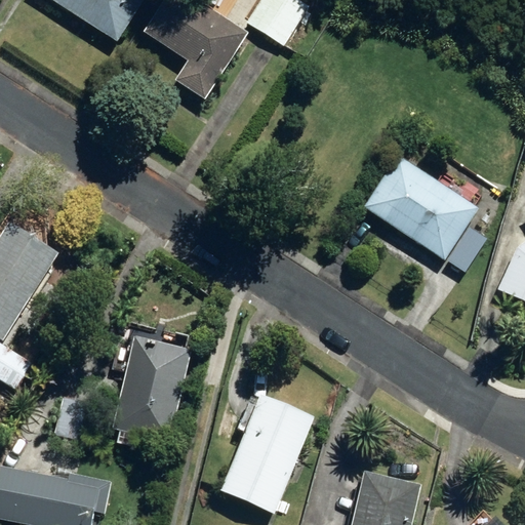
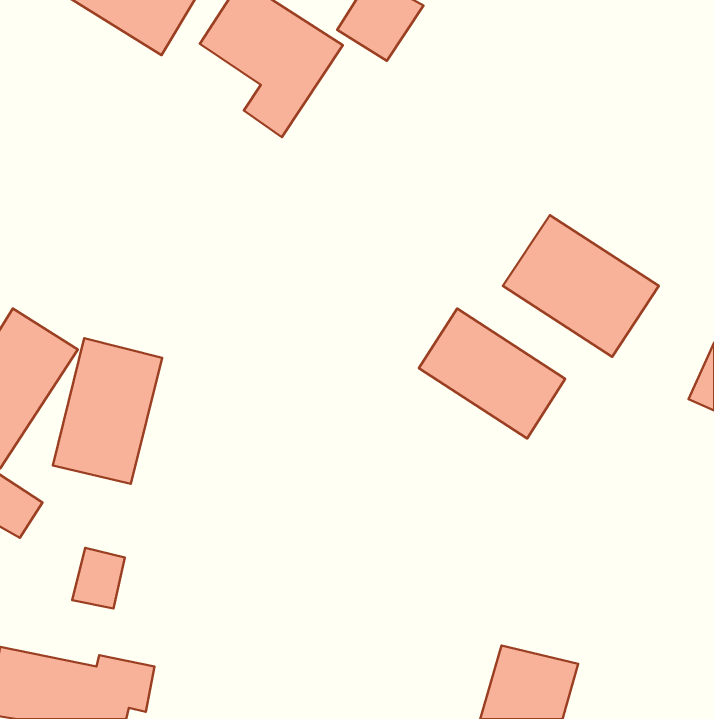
building: none -> [419,309,565,438]
building: [112,336,191,442] -> [53,338,162,484]
building: [221,396,317,512] -> none

